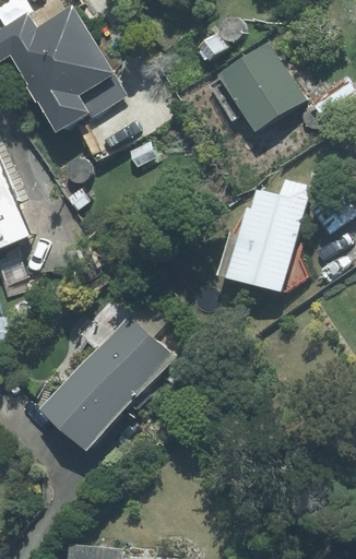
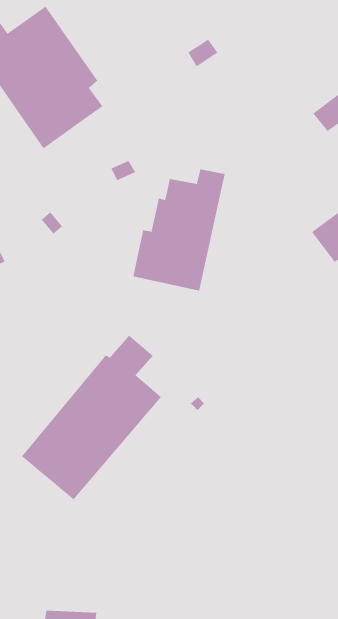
building: [215,43,300,132] -> none
building: [223,182,306,292] -> [133,169,226,291]

